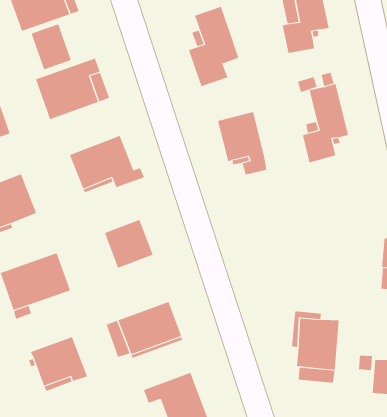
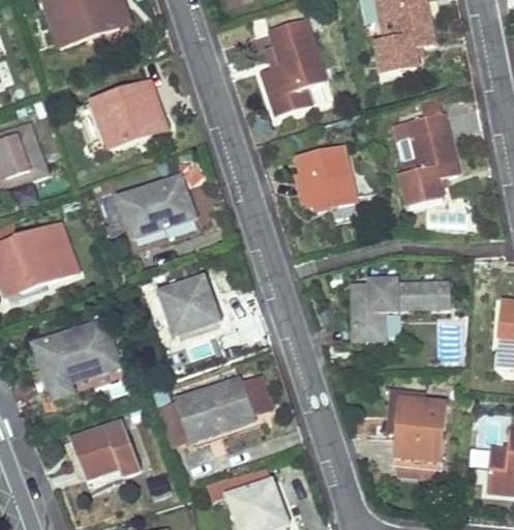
building: [31,24,71,70] -> none
building: none -> [352,278,448,341]
building: none -> [239,371,274,417]

